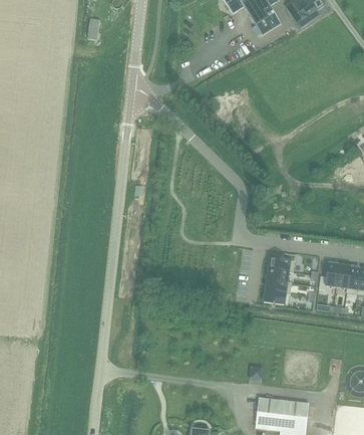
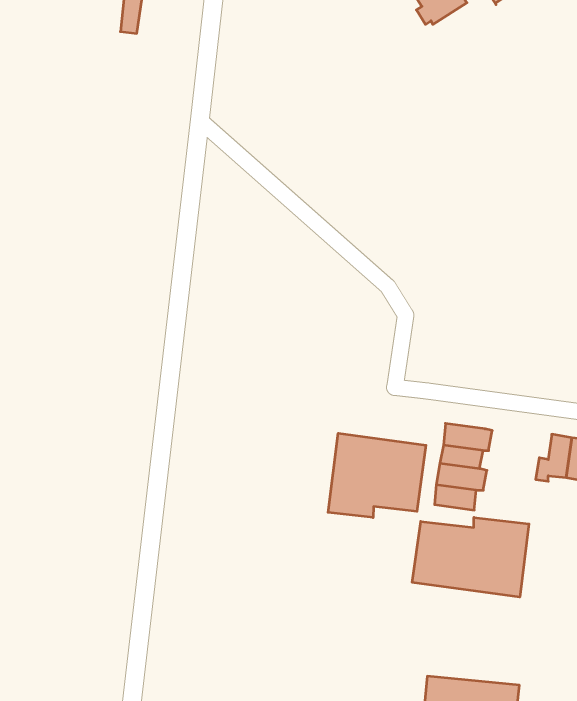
building: none -> [328,433,426,518]
building: none -> [412,517,529,597]

